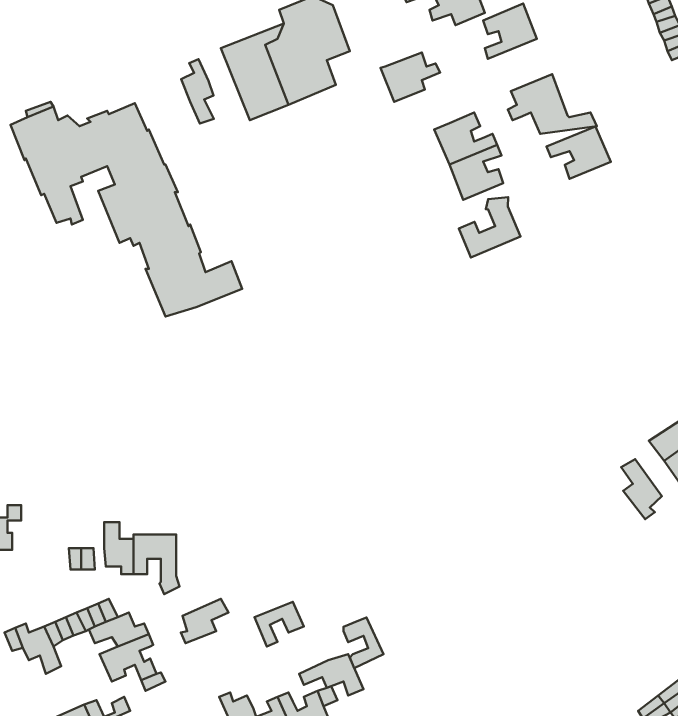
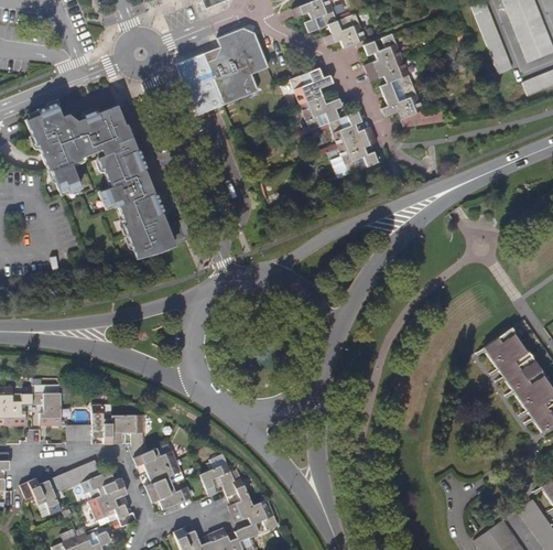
building: [181,59,214,124] -> none
building: none -> [300,95,341,130]
building: [546,127,611,179] -> [367,58,413,96]
building: [459,197,520,257] -> none
building: [621,459,662,519] -> none
building: none -> [32,393,61,425]
building: none -> [134,447,175,473]
building: [344,617,383,668] -> [224,478,252,515]
building: none -> [150,484,192,509]

